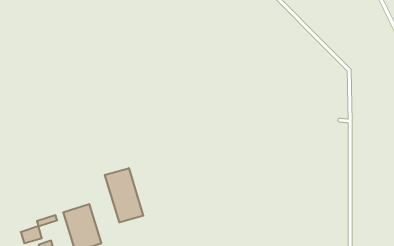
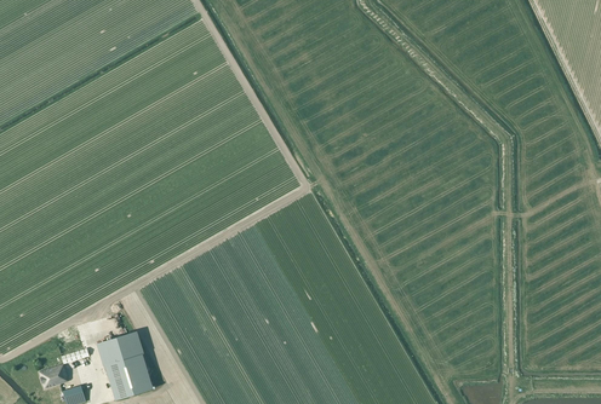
building: [105,168,143,222] -> none

